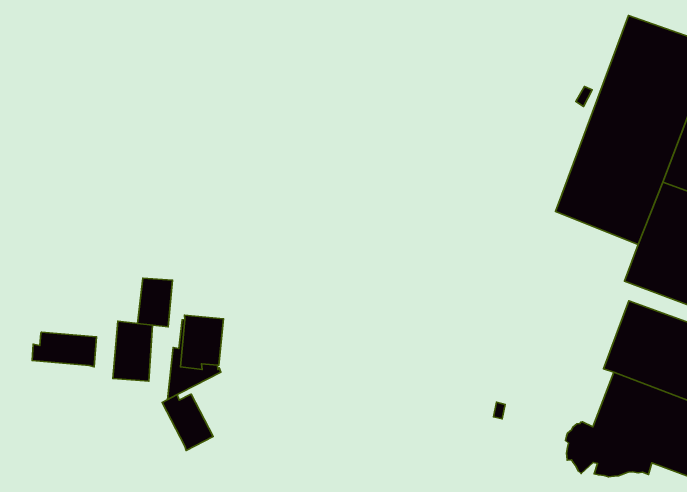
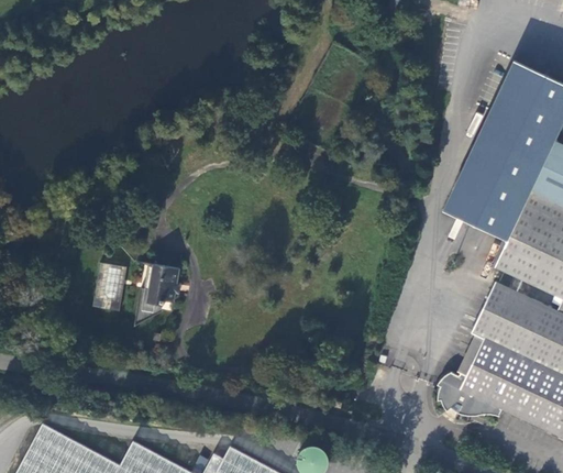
building: [137,278,173,327] -> none
building: [32,332,97,367] -> none
building: [162,394,213,450] -> none

